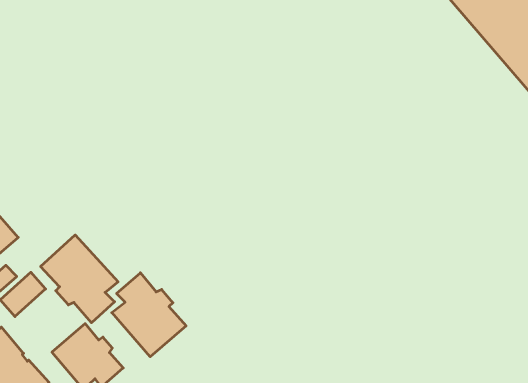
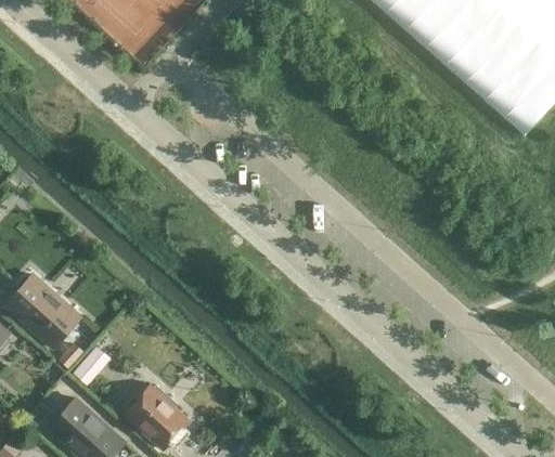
building: [41,235,118,323] -> none
building: [112,273,186,357] -> none

